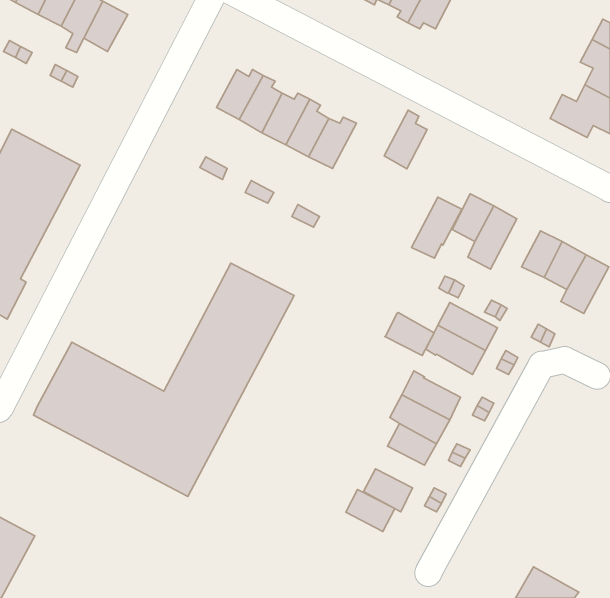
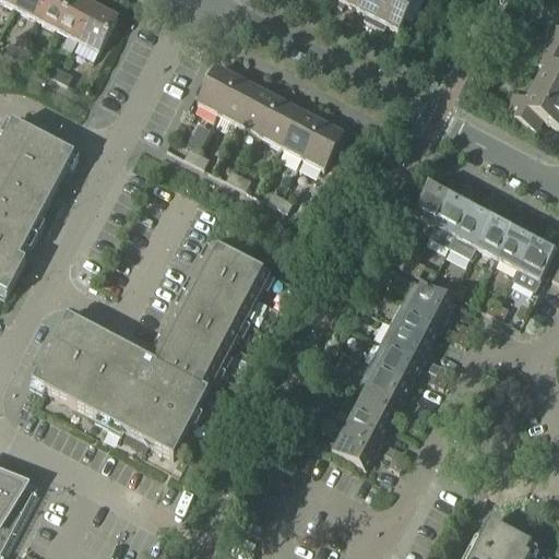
building: [384,110,427,169] -> [304,112,343,166]
building: [412,197,462,258] -> [448,200,493,255]
building: [385,312,434,355] -> [386,323,431,362]
building: [346,489,395,531] -> [343,407,388,445]

